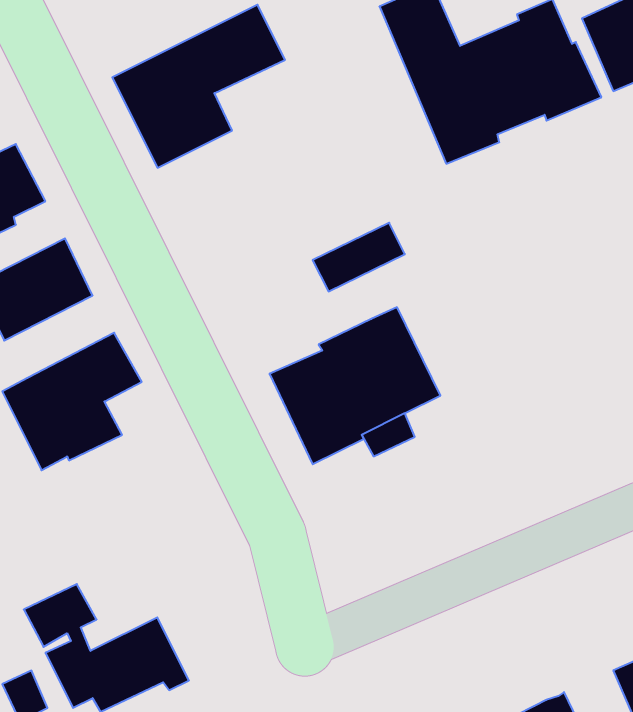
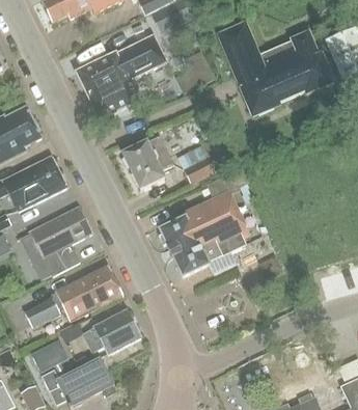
building: none -> [122,135,172,187]
building: none -> [24,265,121,326]
building: none -> [81,309,140,353]

